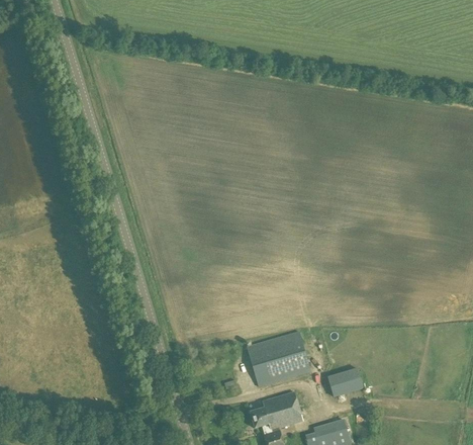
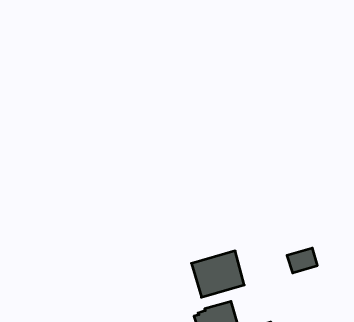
building: [326,367,364,397] -> [287,248,317,273]

